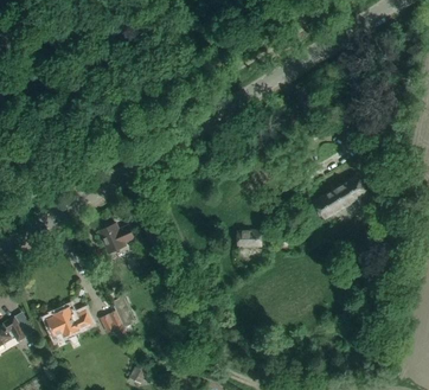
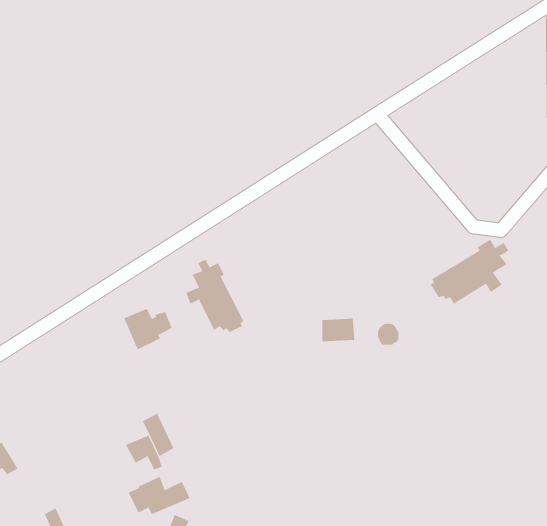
building: none -> [186,259,244,333]
building: [46,307,90,334] -> [128,476,191,515]

